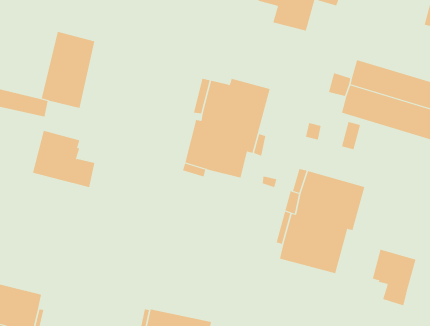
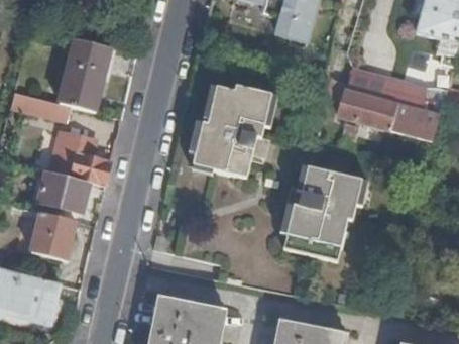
building: none -> [39,169,91,213]
building: none -> [32,213,77,260]
building: [372,249,416,306] -> none

